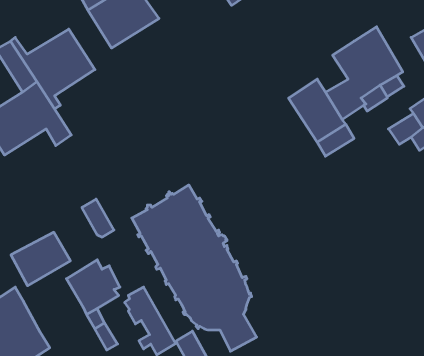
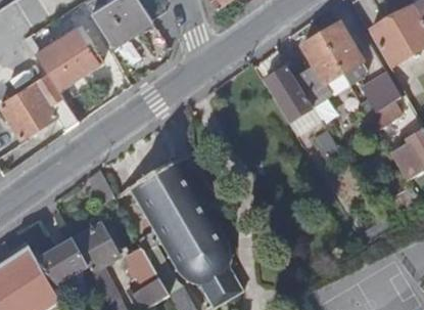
building: [11,232,70,286] -> [37,240,88,286]

